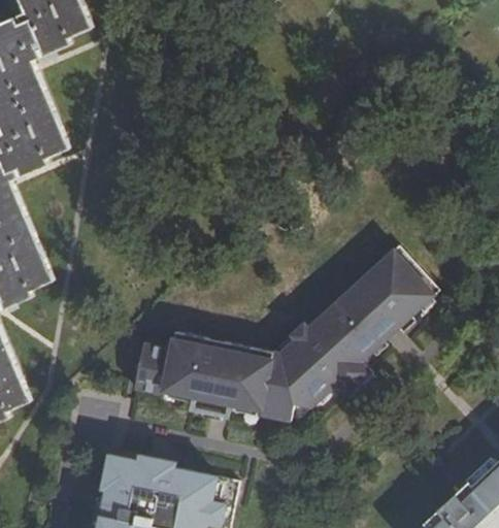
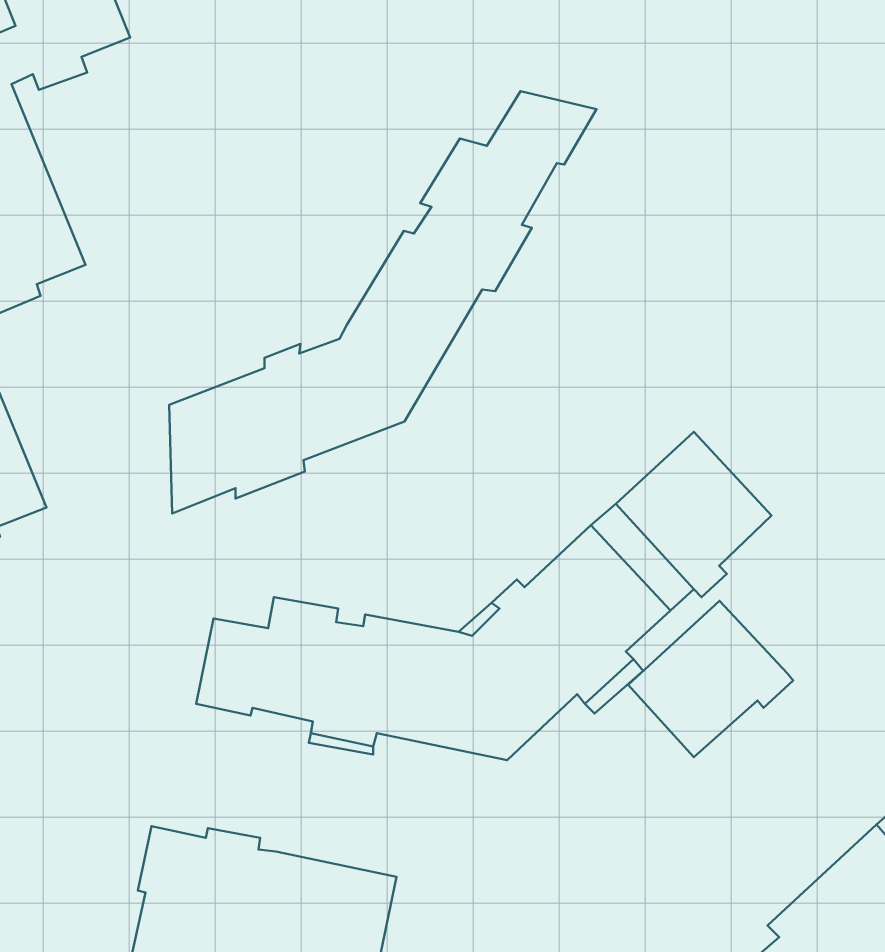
building: none -> [169,91,596,513]
building: none -> [628,601,793,757]

